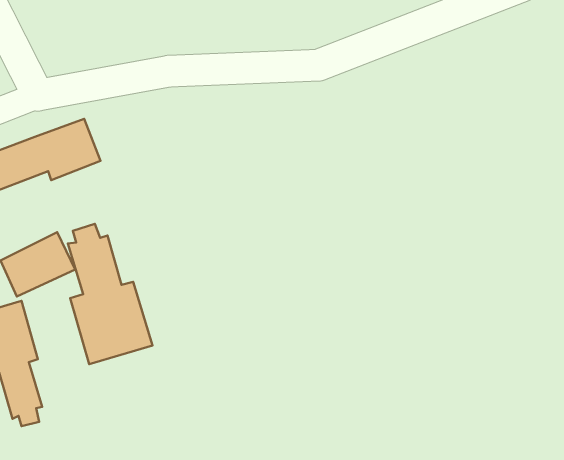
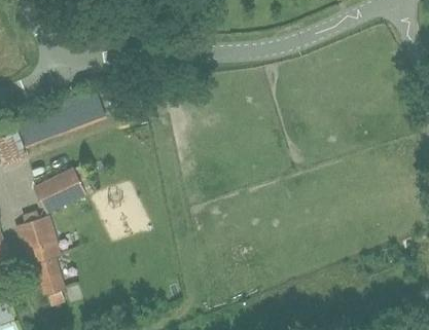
building: [68,224,153,364] -> none

